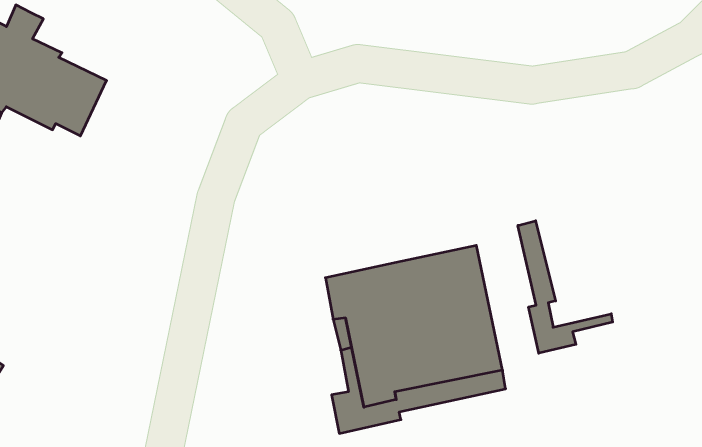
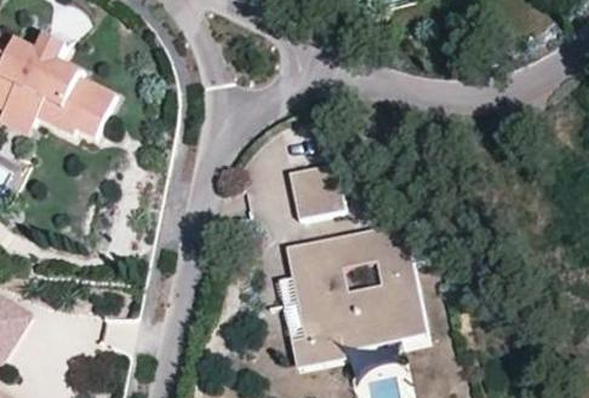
building: none -> [287,163,343,220]
building: [518,221,613,353] -> none

